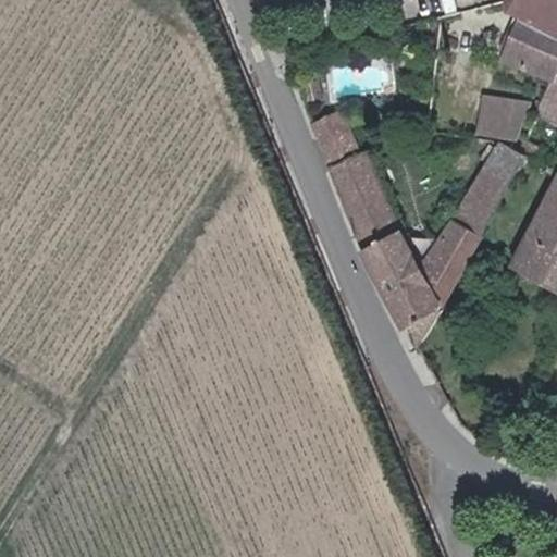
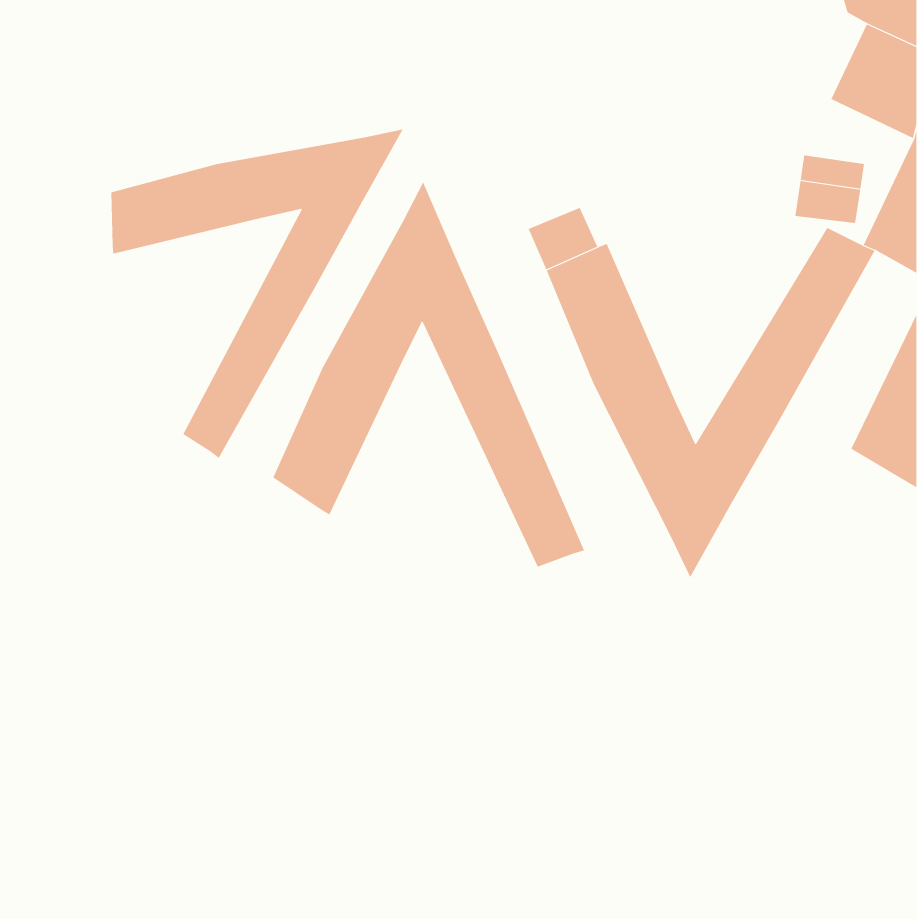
building: none -> [111,129,404,459]
building: none -> [273,181,585,568]

